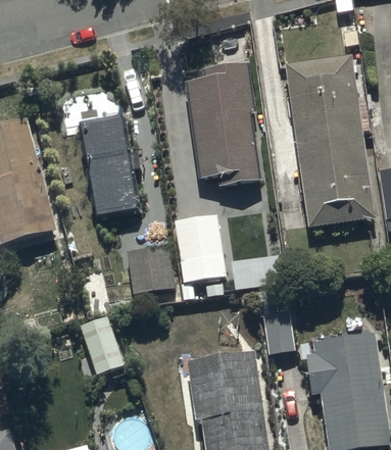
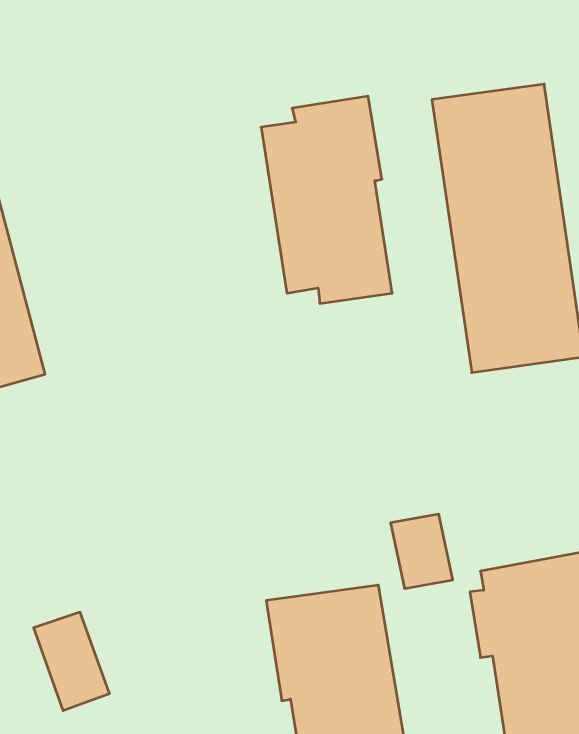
building: [80,115,141,214] -> none
building: [174,214,227,283] -> none
building: [127,248,175,295] -> none
building: [80,316,125,374] -> [34,612,110,711]

